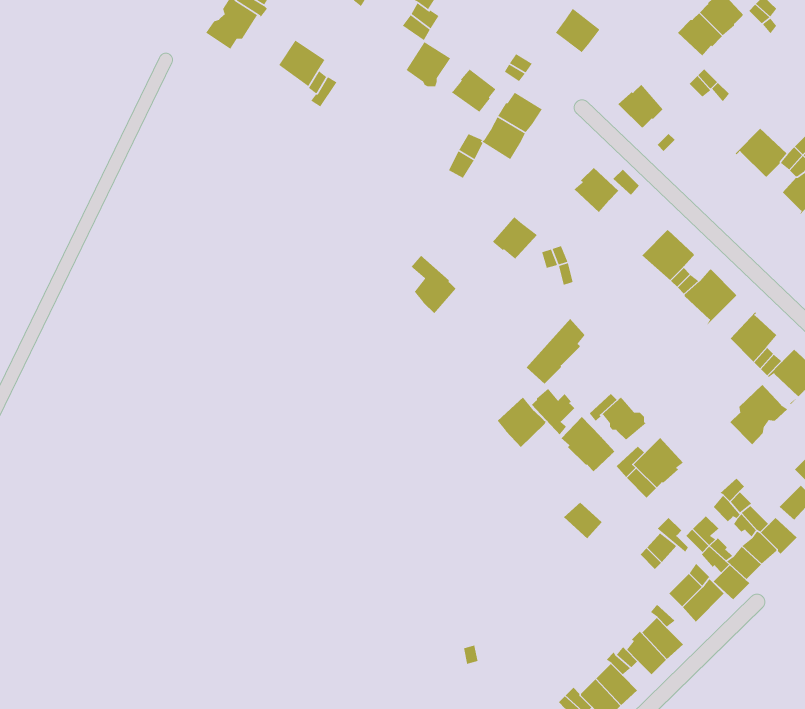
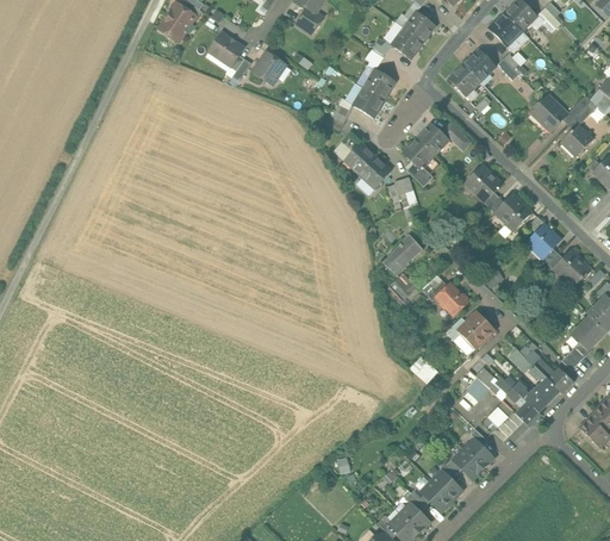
building: [405,41,451,87] -> [254,51,286,83]
building: none -> [465,49,496,81]
building: [451,69,497,113] -> [391,27,423,58]
building: none -> [403,137,435,186]
building: [411,255,456,314] -> [343,132,375,174]
building: [730,383,788,445] -> none
building: [497,396,547,448] -> none
building: [560,416,615,472] -> none

